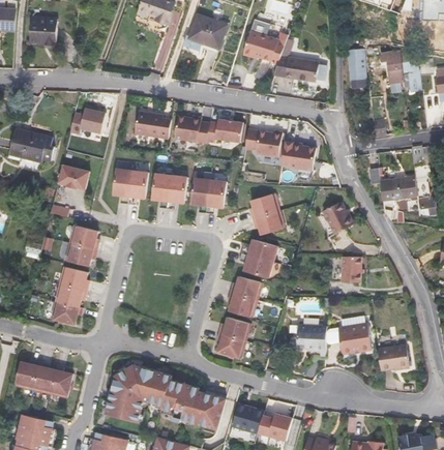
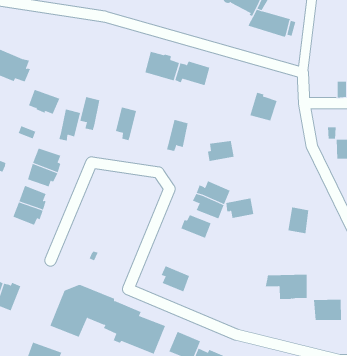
building: [348,49,365,82] -> none
building: [69,106,107,134] -> none
building: [132,110,169,138] -> none
building: [242,128,279,156] -> none
building: [127,170,147,203] -> [59,109,81,141]
building: [166,176,186,209] -> none
building: [189,178,209,212] -> none
building: [322,202,353,234] -> none
building: [250,211,282,235] -> [226,198,254,219]
building: [227,292,257,317] -> none
building: [51,301,80,325] -> none
building: [218,317,249,339] -> none
building: [296,325,325,351] -> none

